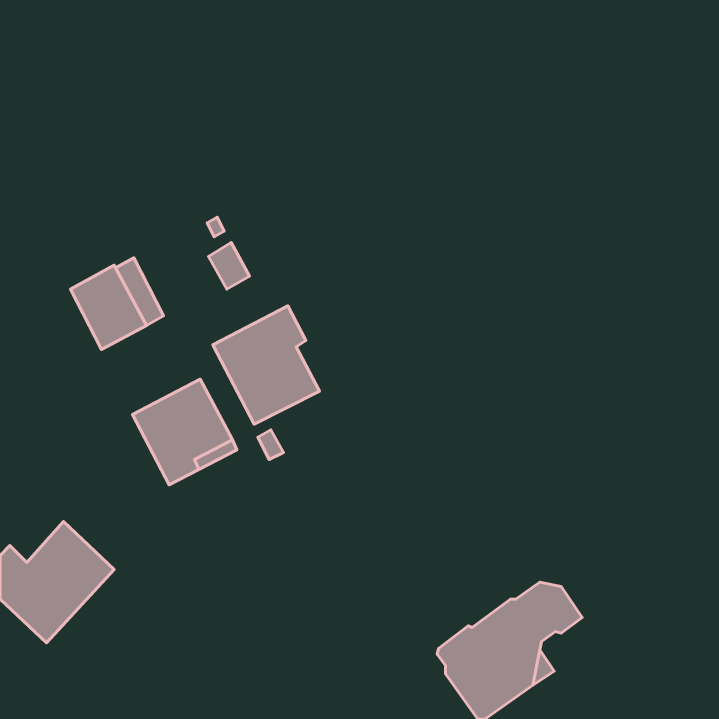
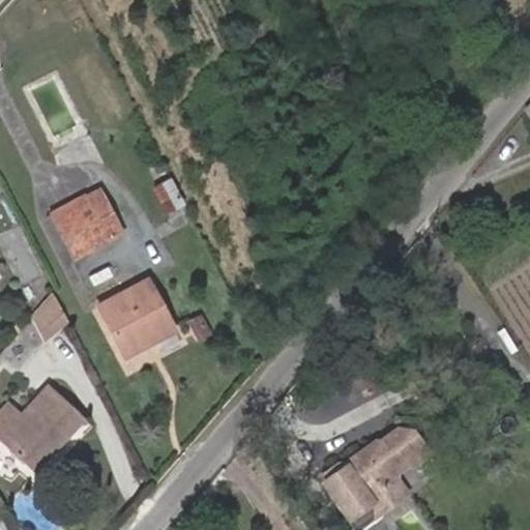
building: [213,306,319,424] -> none
building: none -> [31,292,68,342]

